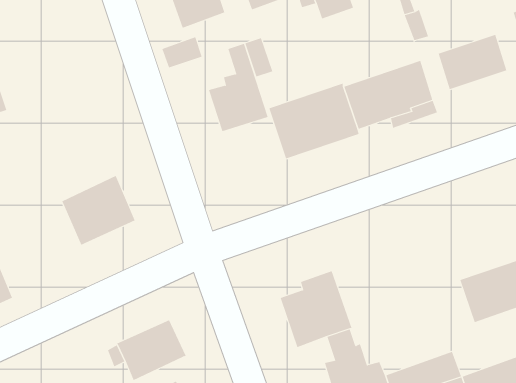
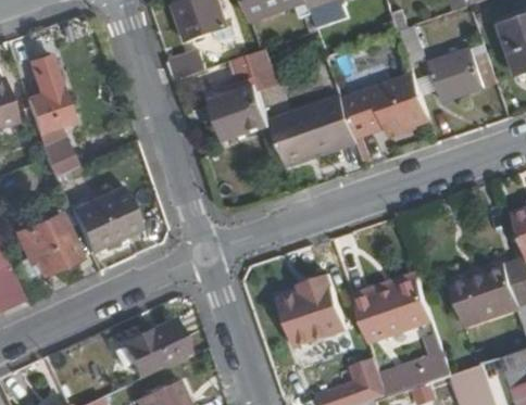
building: none -> [27,61,76,175]
building: none -> [16,213,80,271]
building: none -> [350,276,431,339]

